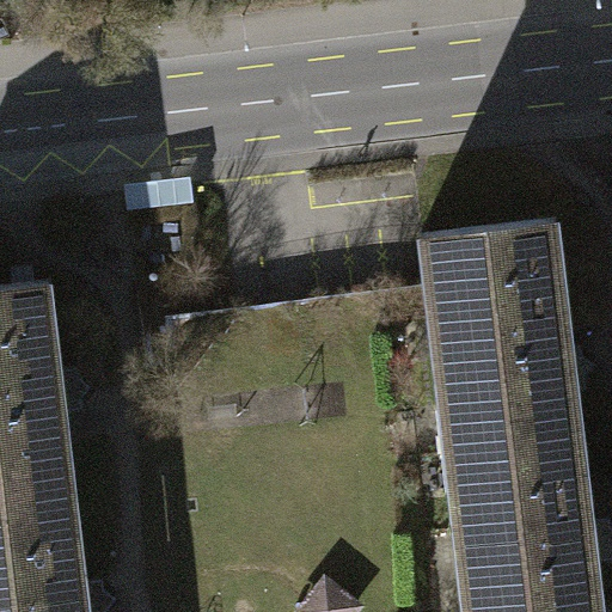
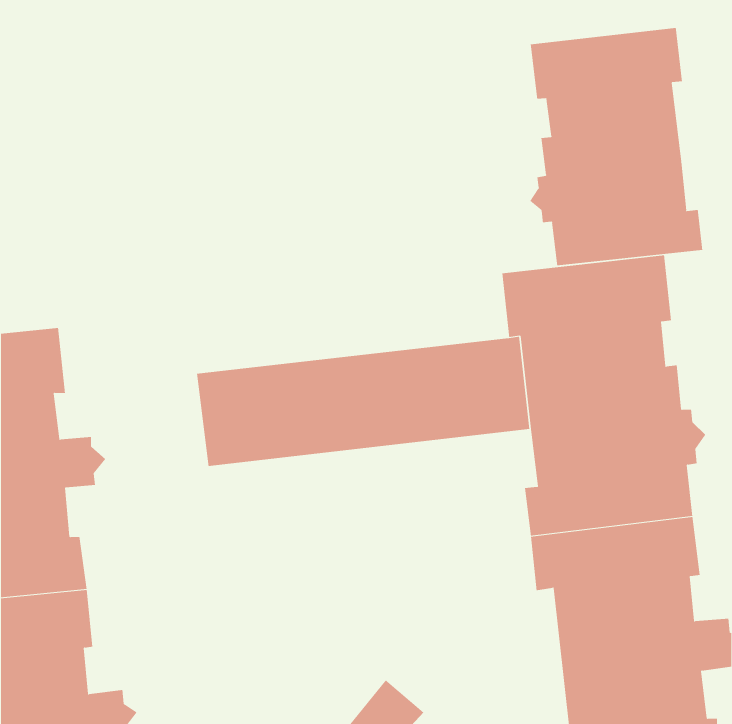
building: none -> [530,27,703,266]

